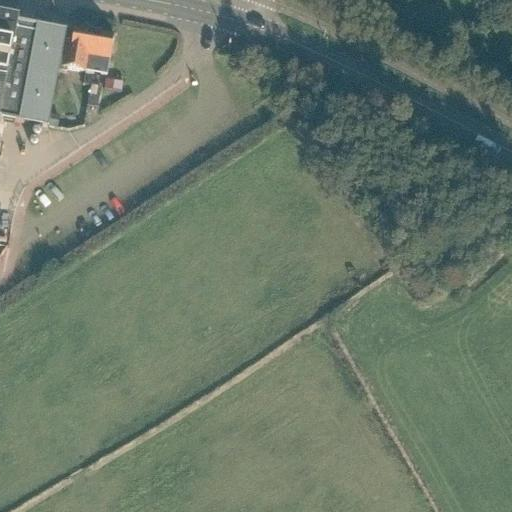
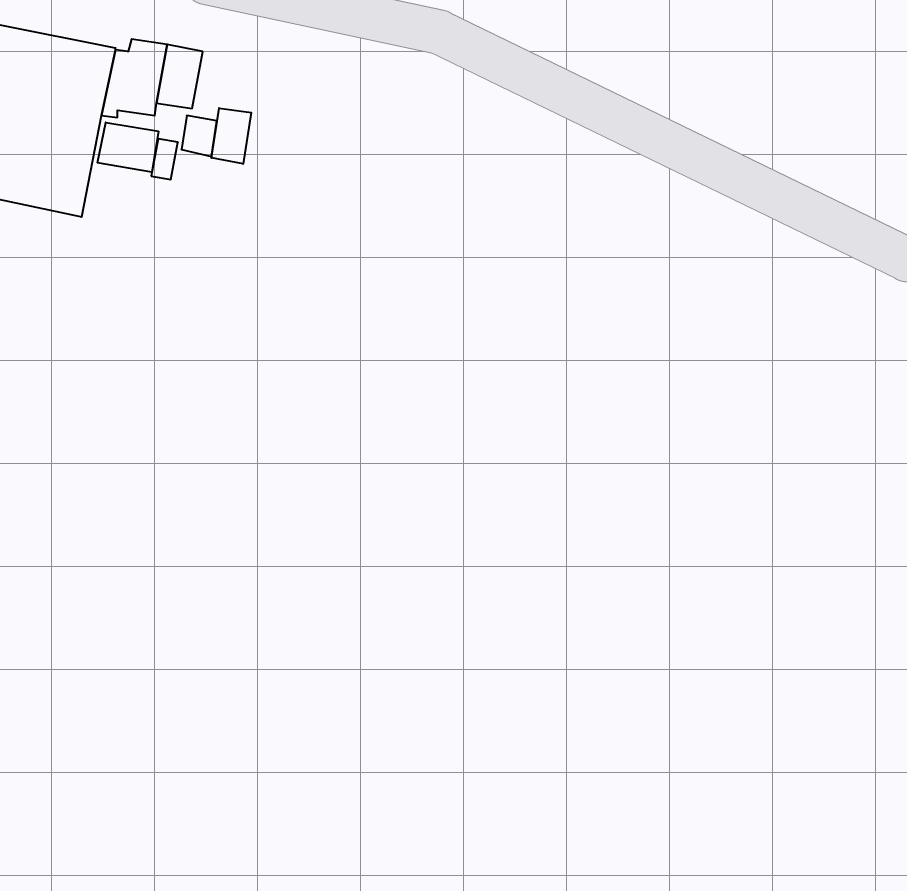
building: none -> [211,108,251,164]
building: none -> [98,122,158,172]

